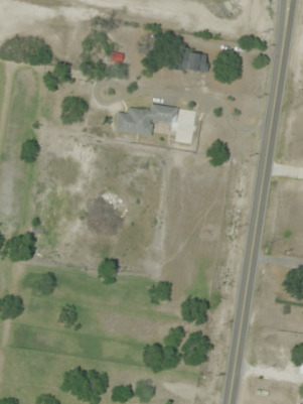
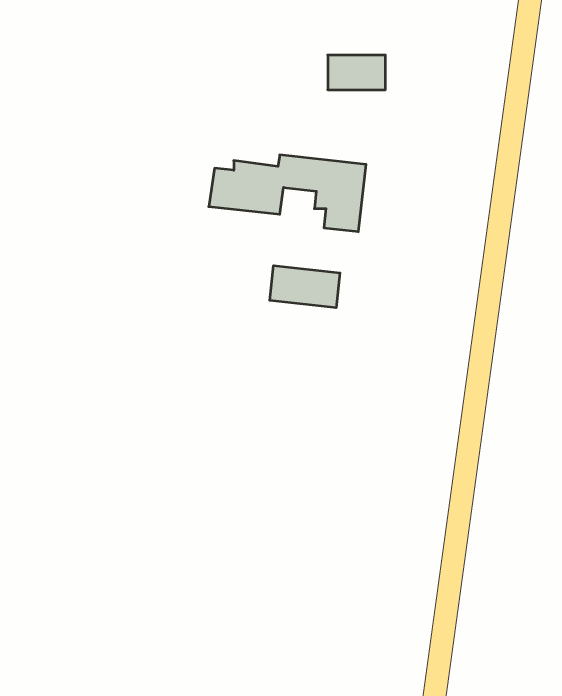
building: none -> [270,266,340,308]

